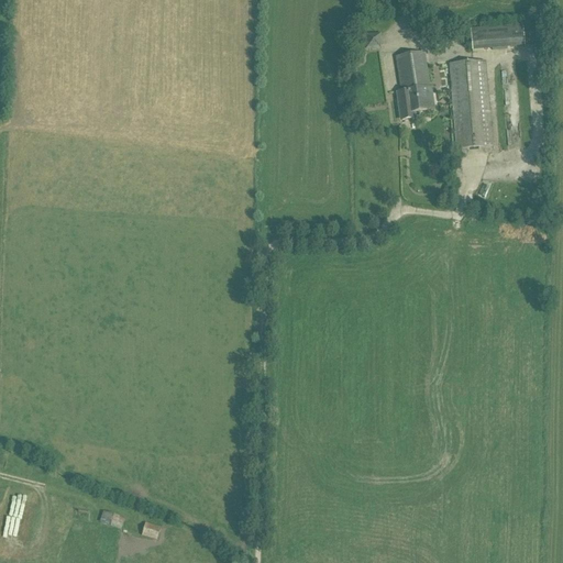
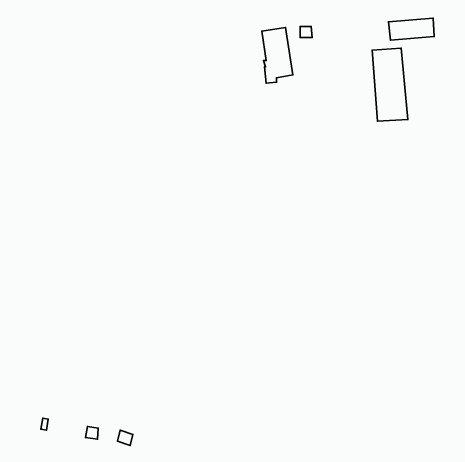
building: [396,49,433,117] -> [262,28,293,83]

